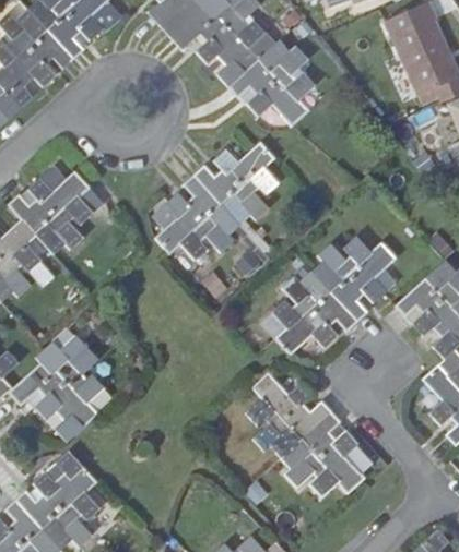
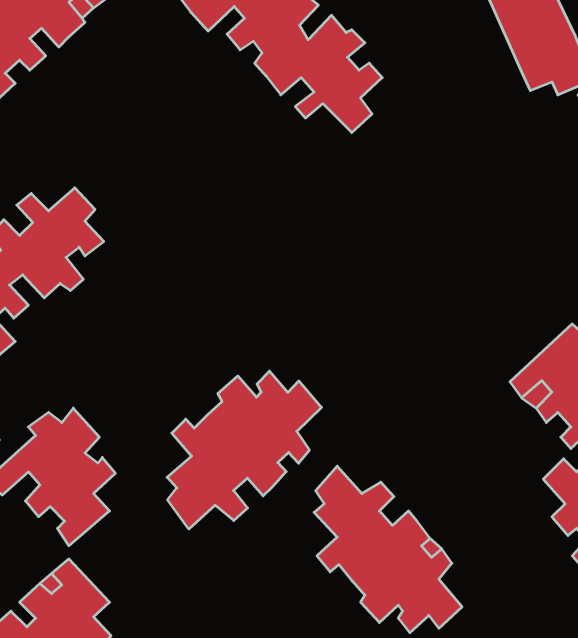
building: [149,141,275,260] -> none
building: [276,243,401,360] -> none
building: none -> [167,371,322,529]

